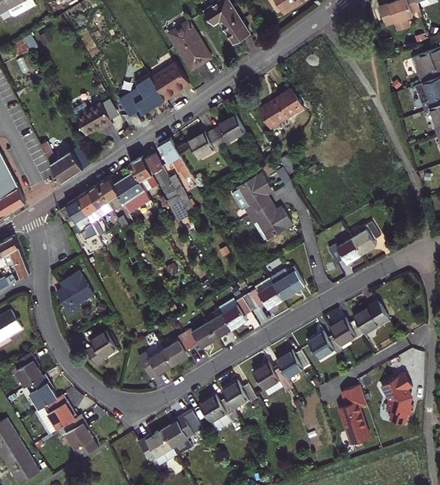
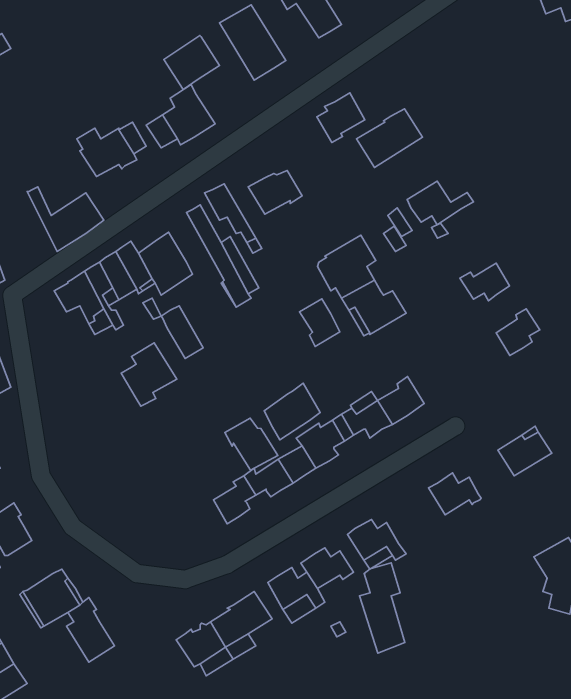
building: [151,63,188,99] -> [164,35,219,90]
building: [212,114,244,147] -> [317,93,365,142]
building: none -> [407,181,474,225]
building: [129,156,157,191] -> [161,306,203,358]
building: none -> [300,299,340,347]
building: [327,238,360,263] -> [460,263,510,301]
building: [56,271,93,313] -> [121,343,177,406]
building: none -> [264,383,320,440]
building: none -> [225,418,278,470]
building: [329,318,363,345] -> none
building: [87,330,116,366] -> none
building: [137,349,172,378] -> none
building: [275,350,309,378] -> none
building: [26,374,56,409] -> none
building: [338,384,368,444] -> [360,563,405,653]

